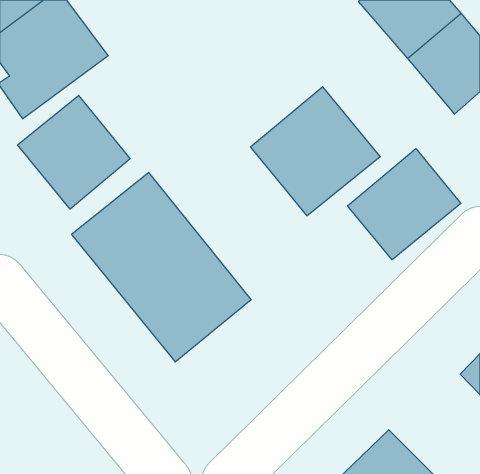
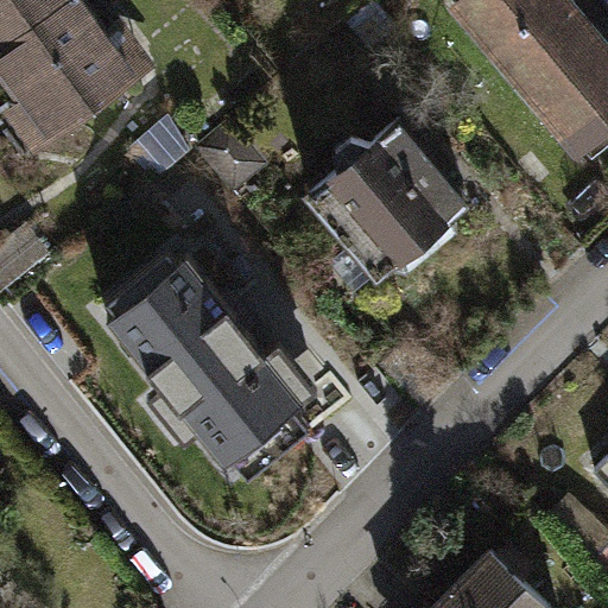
building: [18,95,130,209] -> none
building: [348,149,461,260] -> none

